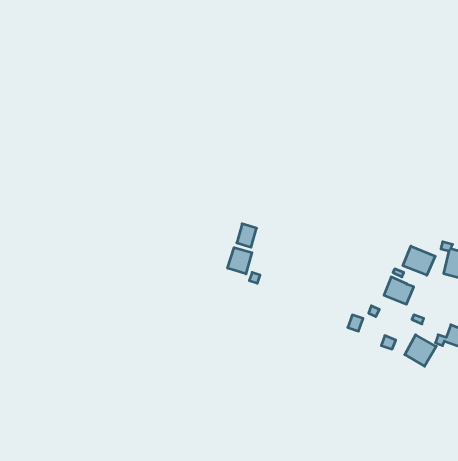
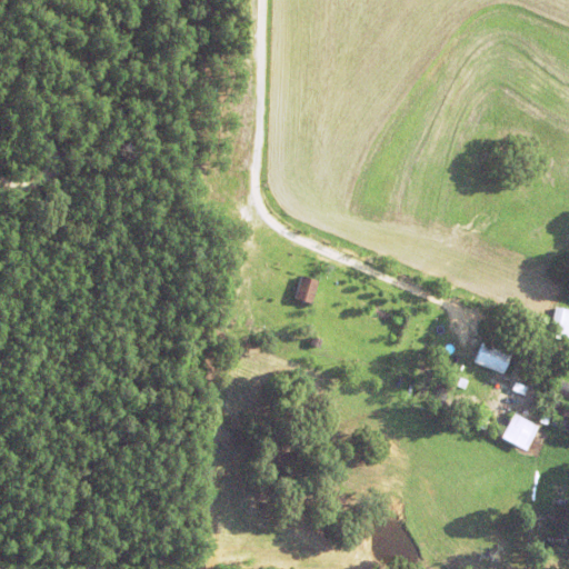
building: [403,246,435,275] -> none
building: [228,248,252,274] -> none

